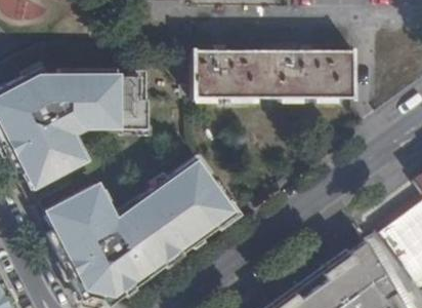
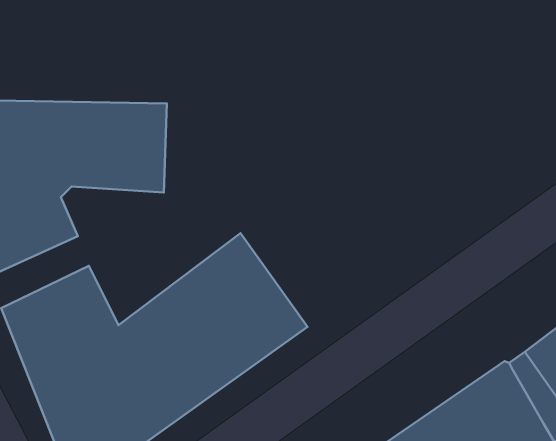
building: [192,46,349,101] -> none

